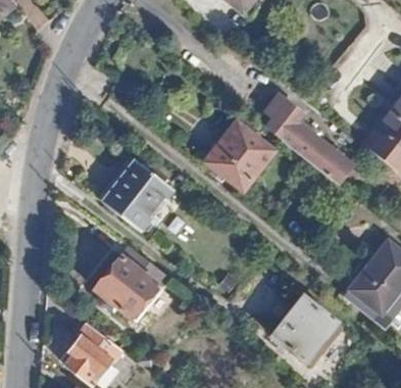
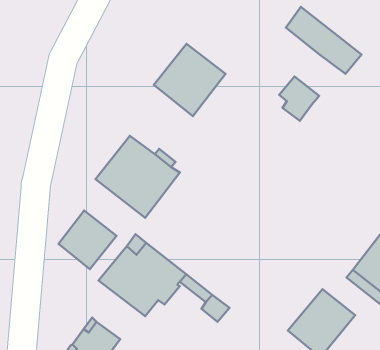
building: [205,123,272,191] -> [154,44,225,116]
building: [281,123,352,186] -> [286,7,362,74]
building: none -> [58,210,116,269]

